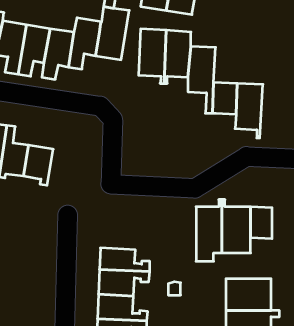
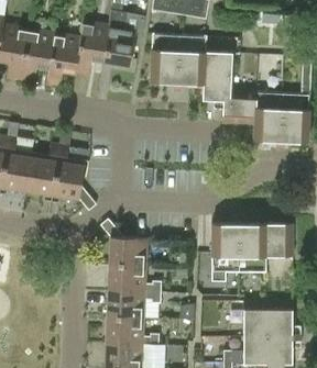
building: none -> [280,60,311,149]
building: none -> [52,161,97,209]
building: none -> [101,218,147,269]

